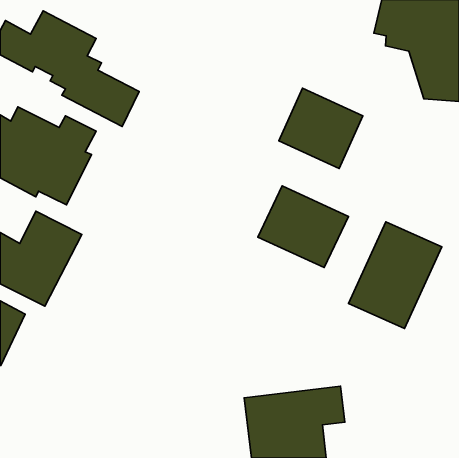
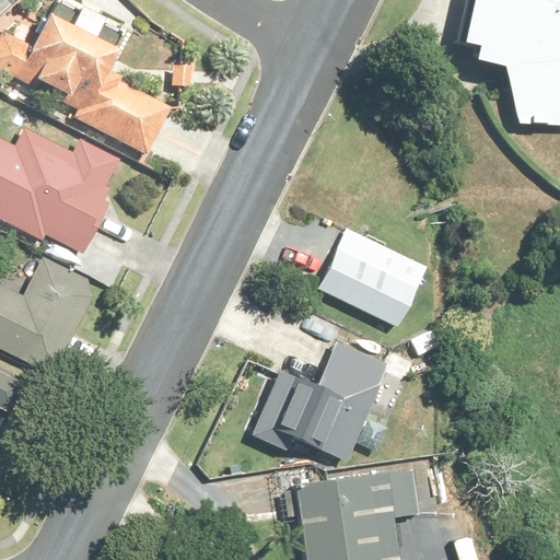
building: [279,88,363,168] -> none
building: [348,222,442,328] -> none
building: none -> [255,326,411,456]

